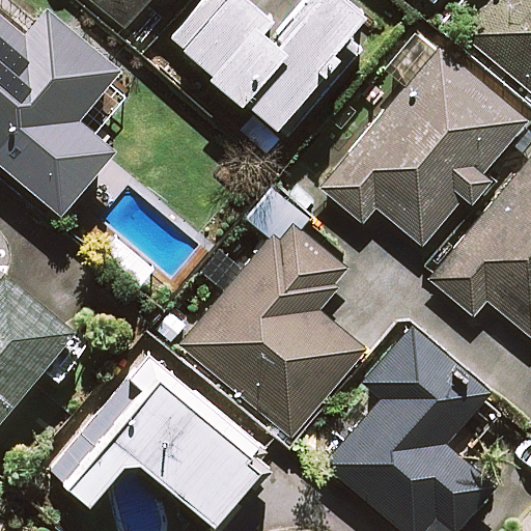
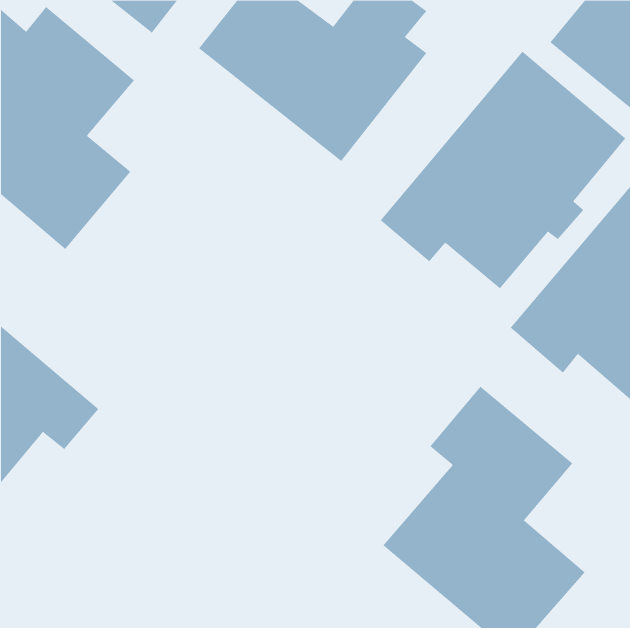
building: [179,219,363,440] -> none
building: [50,361,259,520] -> none

